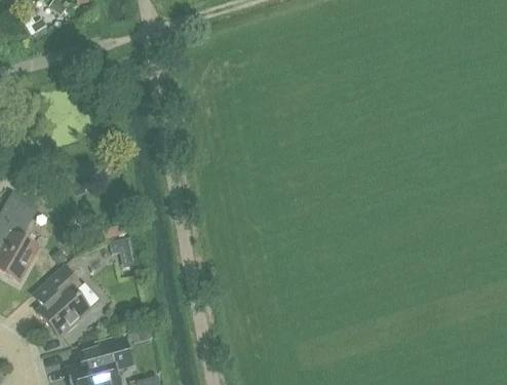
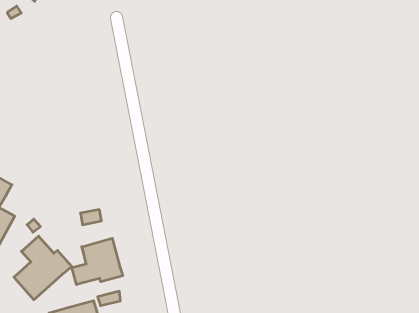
building: none -> [72,238,123,285]

